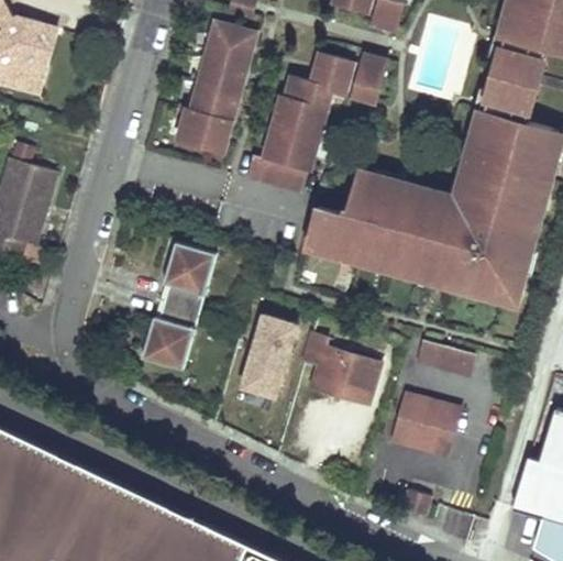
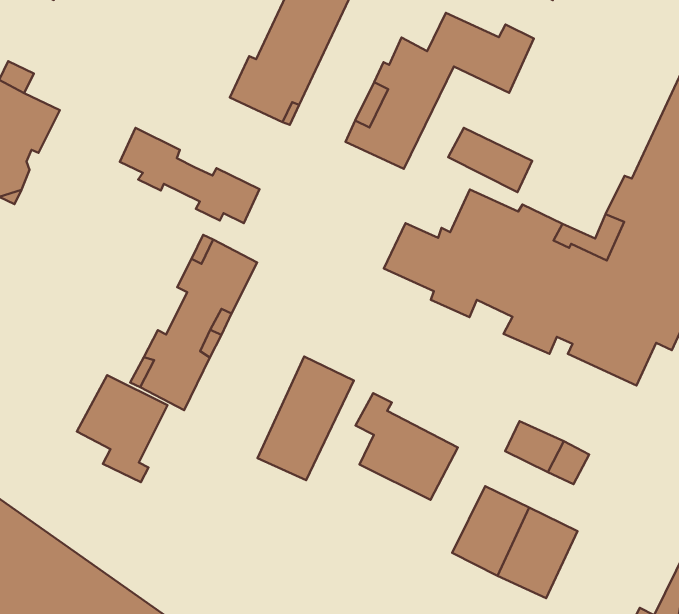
building: [244,156,305,196] -> [448,128,532,192]
building: none -> [120,128,260,223]
building: none -> [77,375,168,482]

